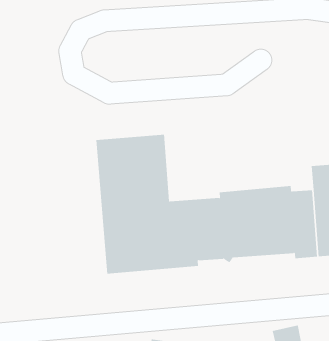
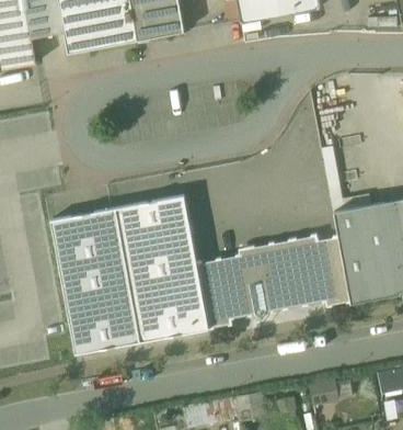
building: none -> [49,208,139,354]

